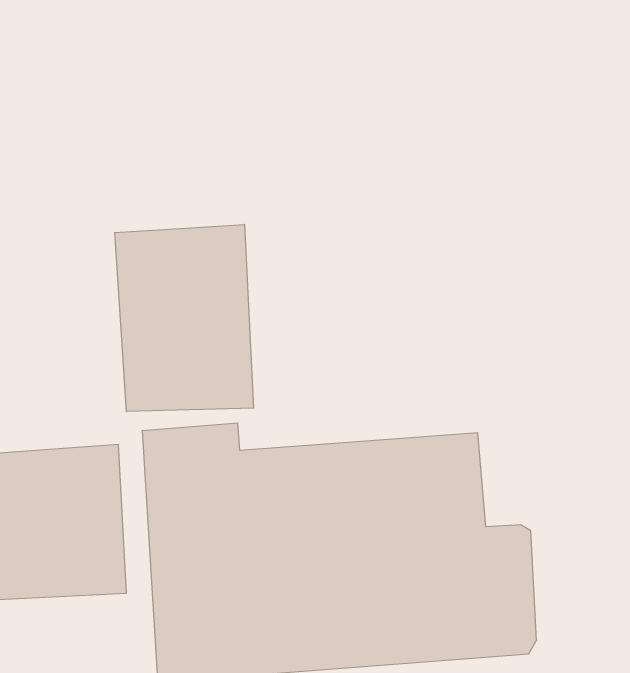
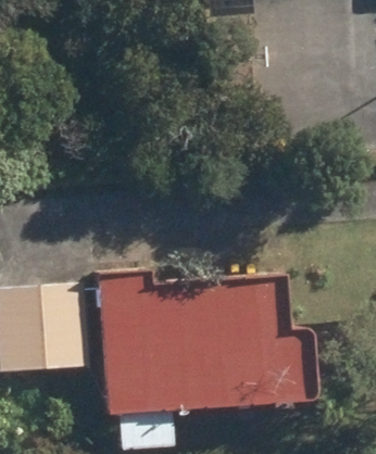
building: [115,224,254,412] -> none

